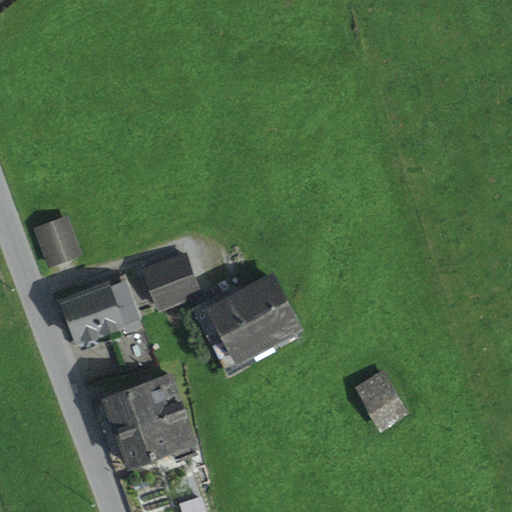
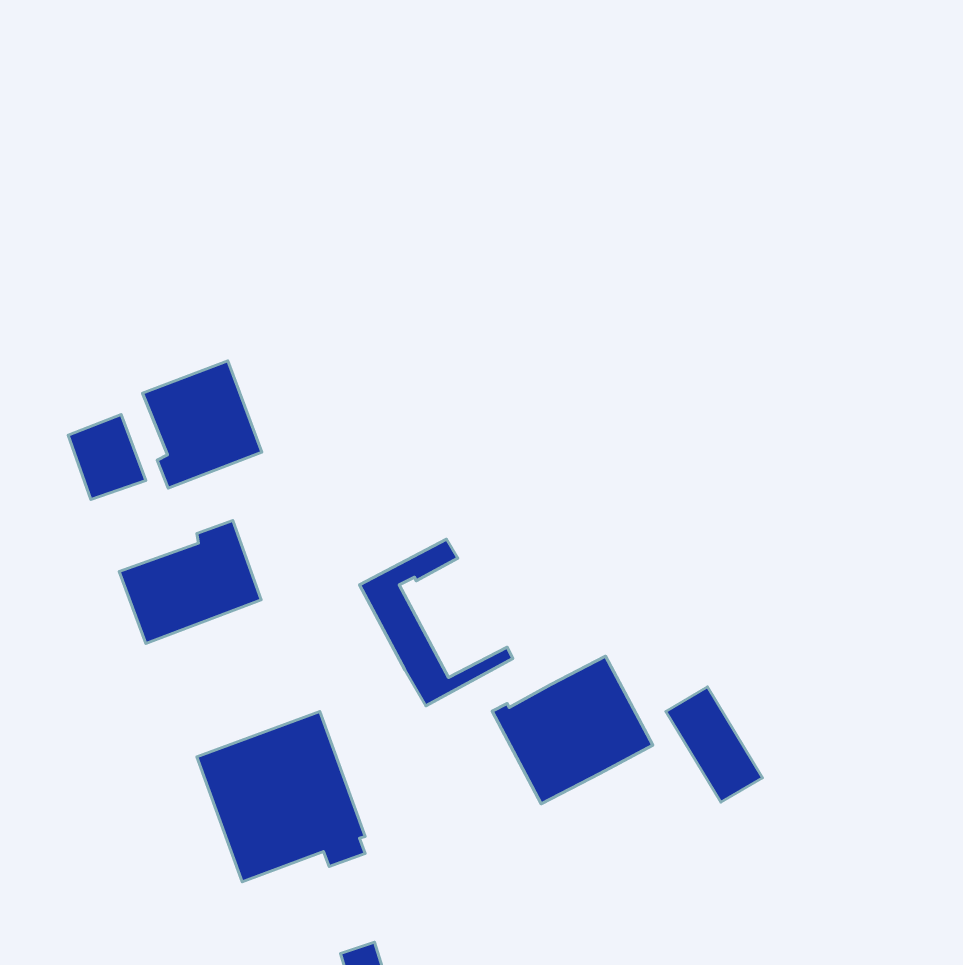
building: none -> [143,361,262,488]
building: [145,256,199,309] -> none
building: [211,281,296,359] -> [492,656,653,804]

